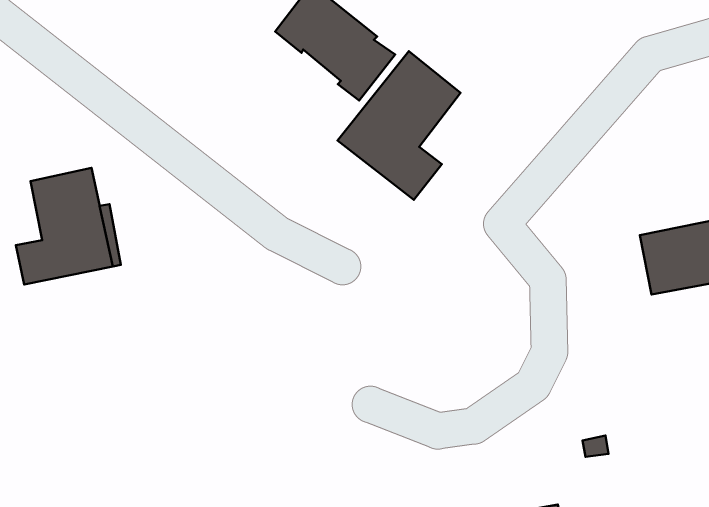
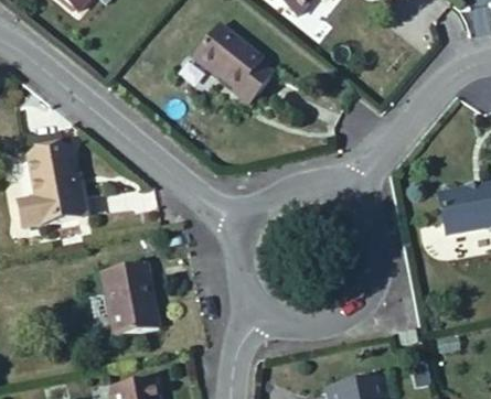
building: [337,51,461,200] -> none
building: none -> [100,261,159,336]

